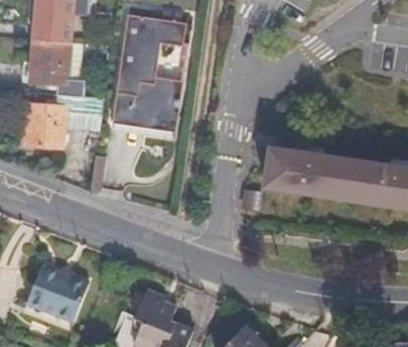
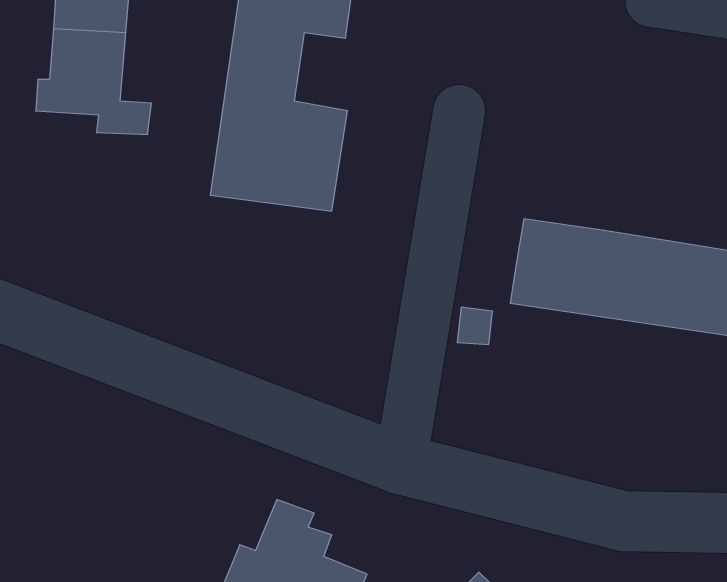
building: [25,99,103,149] -> none
building: [20,264,83,321] -> none

